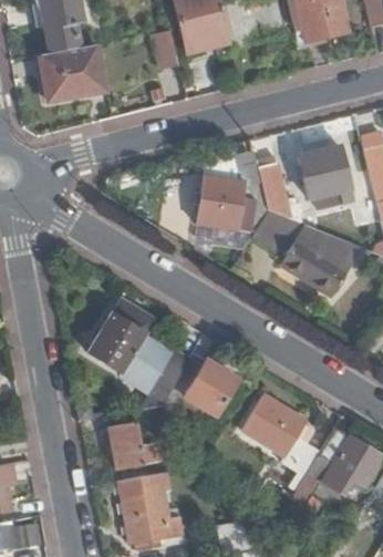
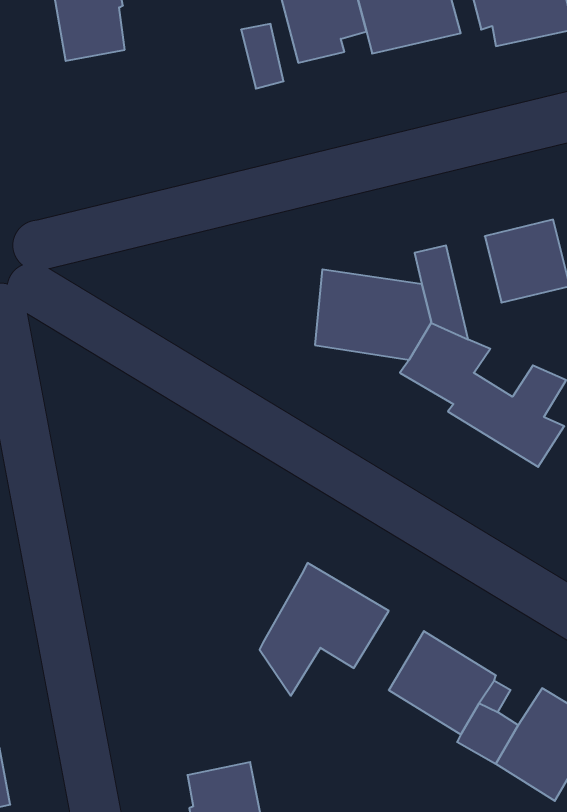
building: [42,43,106,104] -> none
building: [87,303,189,401] -> none
building: [107,422,144,471] -> none

